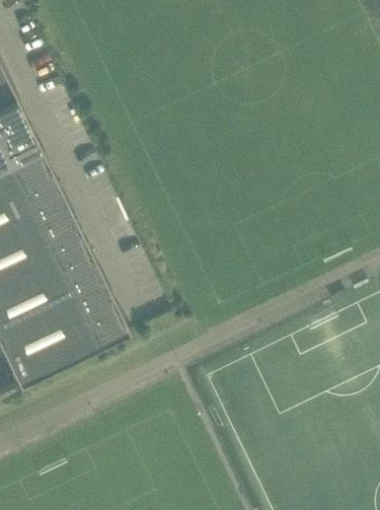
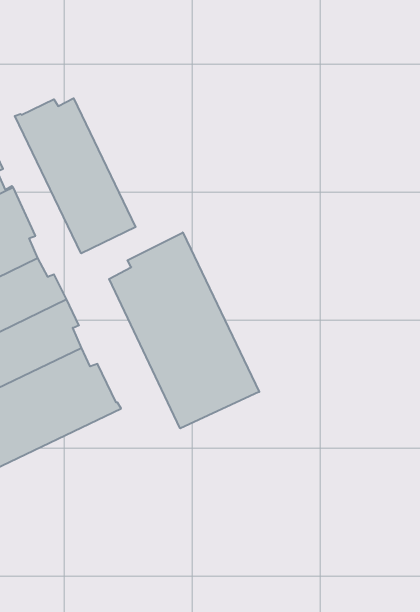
building: none -> [15,98,136,253]
building: none -> [109,232,259,428]

